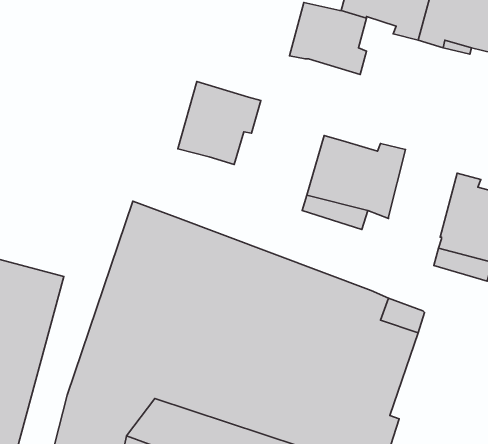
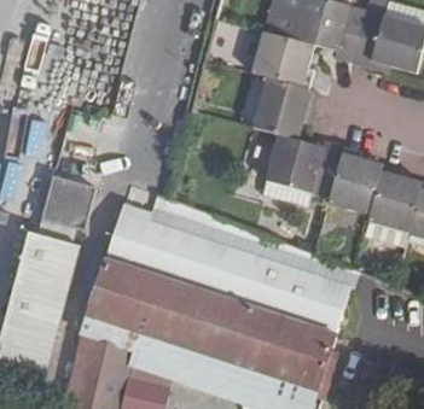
building: [178,82,261,165] -> [251,76,315,140]
building: none -> [326,146,381,215]
building: none -> [40,175,94,229]

